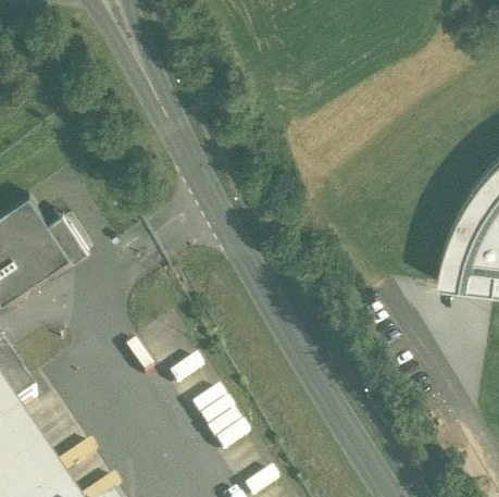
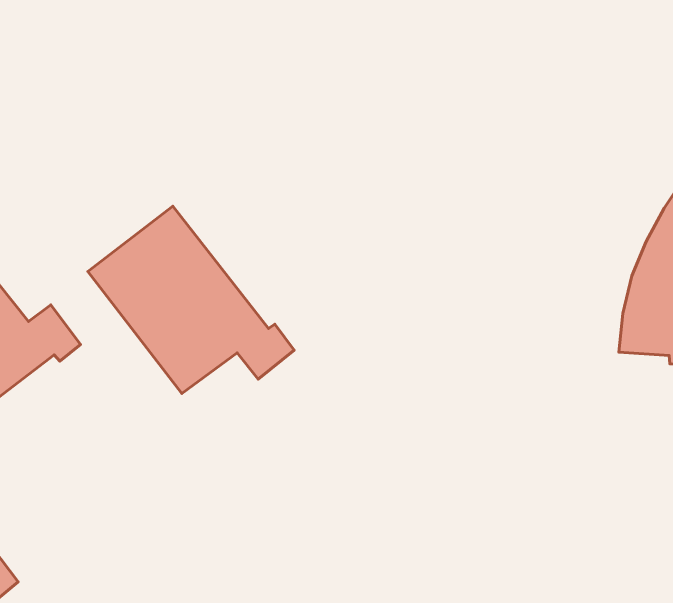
building: none -> [88,206,294,393]

